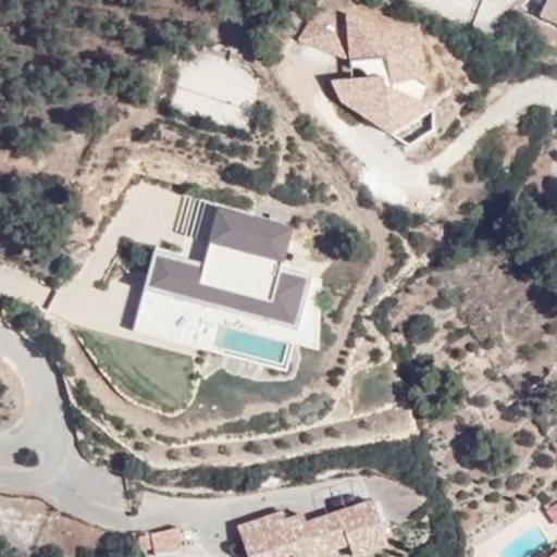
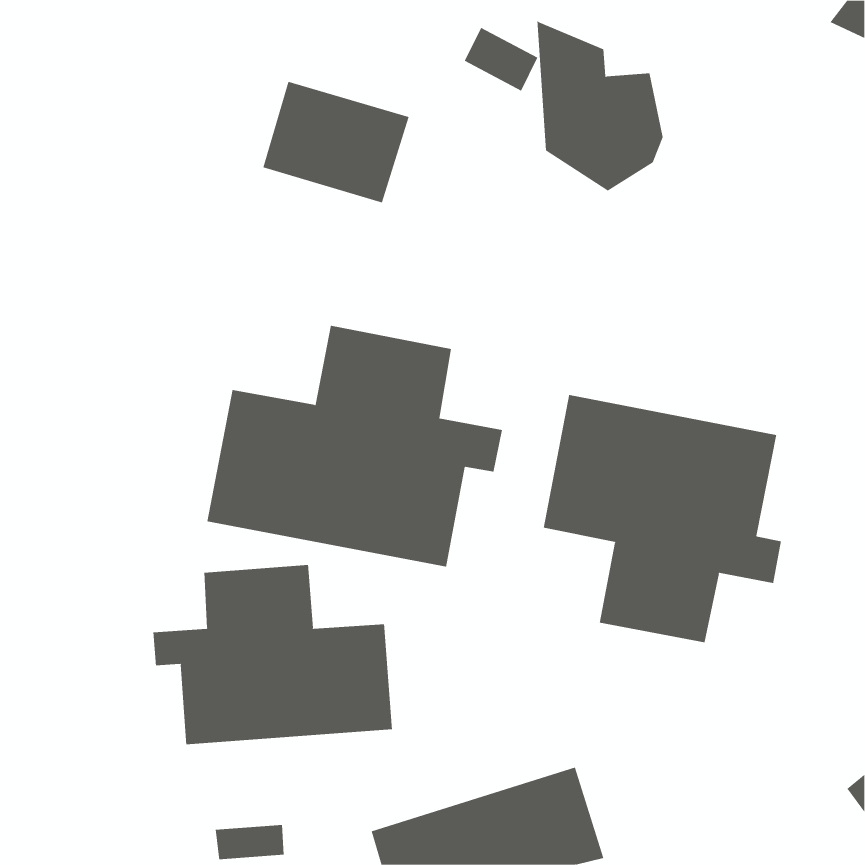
building: none -> [543,394,782,643]
building: none -> [153,564,393,745]

